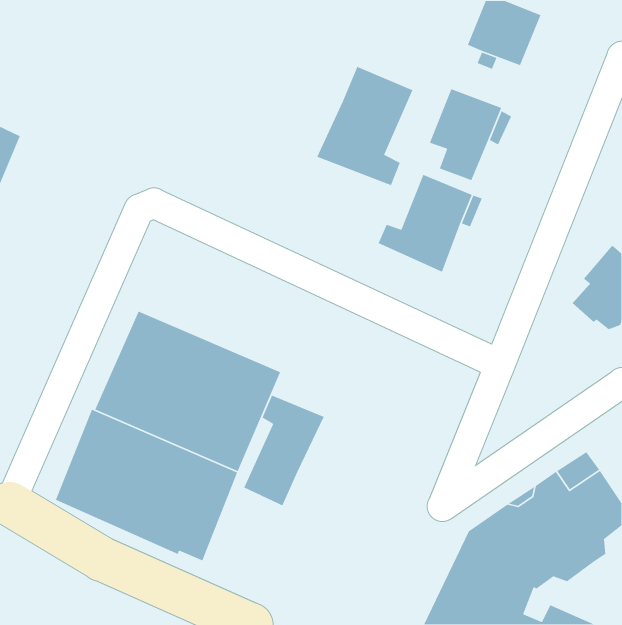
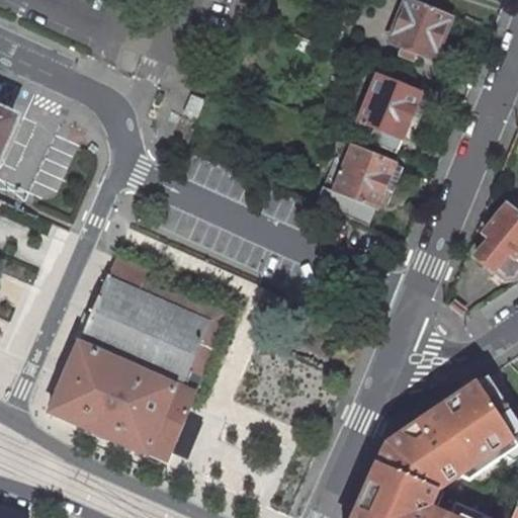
building: [316,66,413,186] -> none
building: [243,395,325,506] -> none

